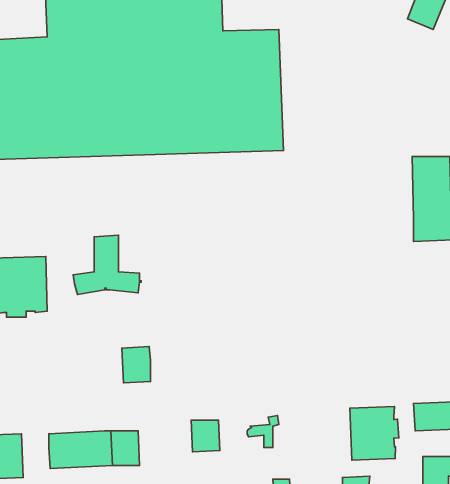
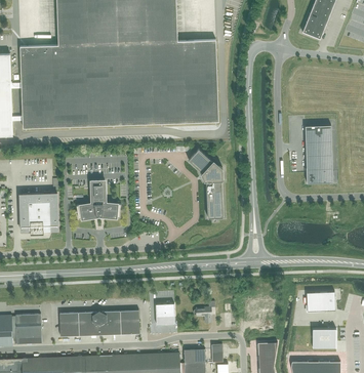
building: none -> [187,149,223,217]
building: [122,347,151,383] -> [119,309,138,334]
building: [350,406,399,460] -> none

